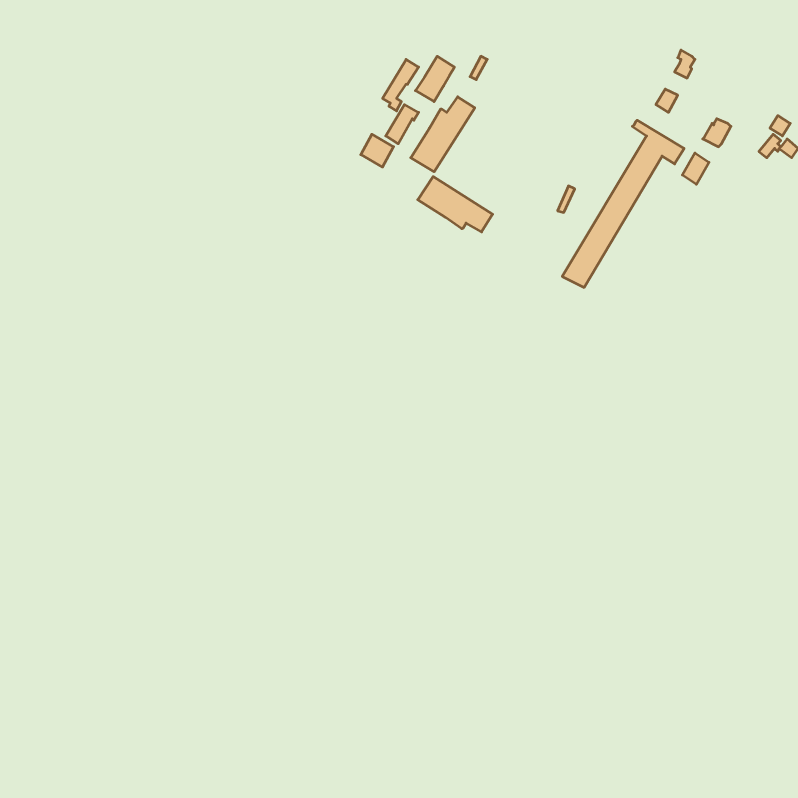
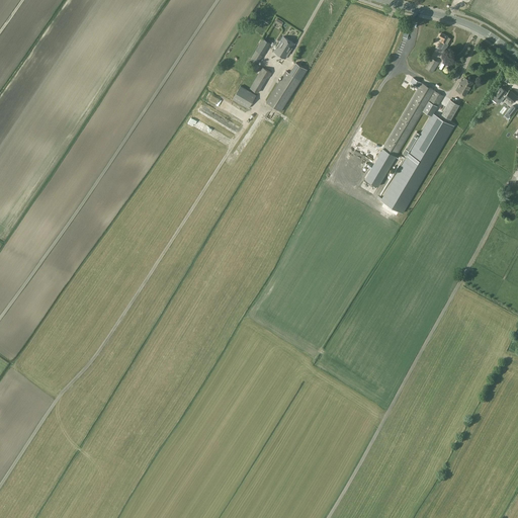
building: [418,177,493,232] -> none
building: none -> [382,115,449,213]

